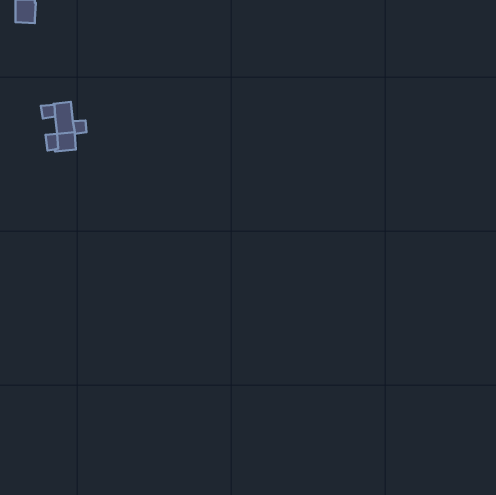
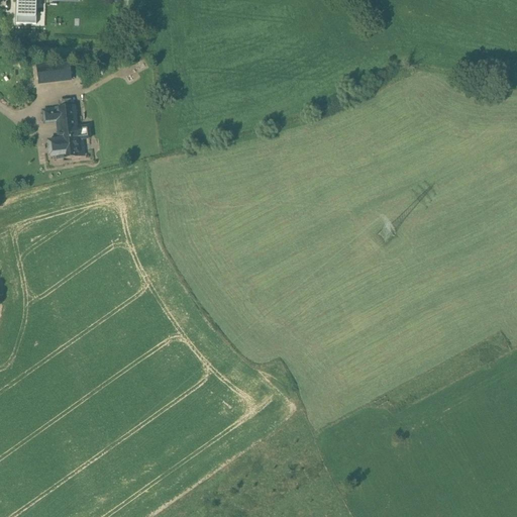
building: none -> [37,63,70,83]

